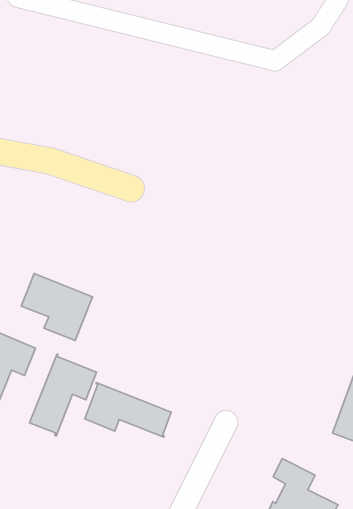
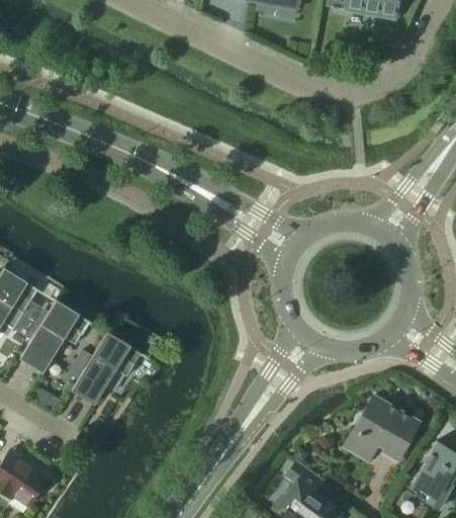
building: [21,273,92,341] -> none
building: [85,382,171,437] -> none

